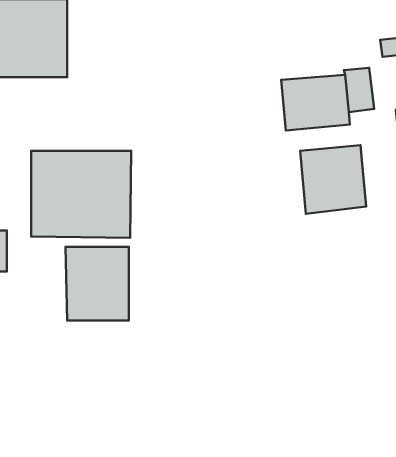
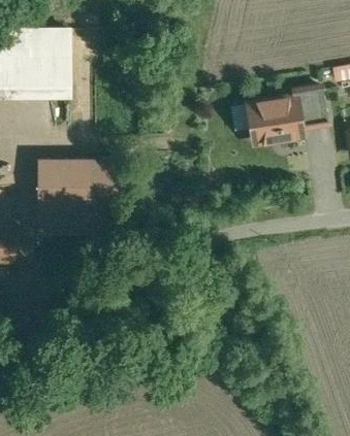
building: [300,145,366,214] -> none
building: [66,247,129,321] -> none

